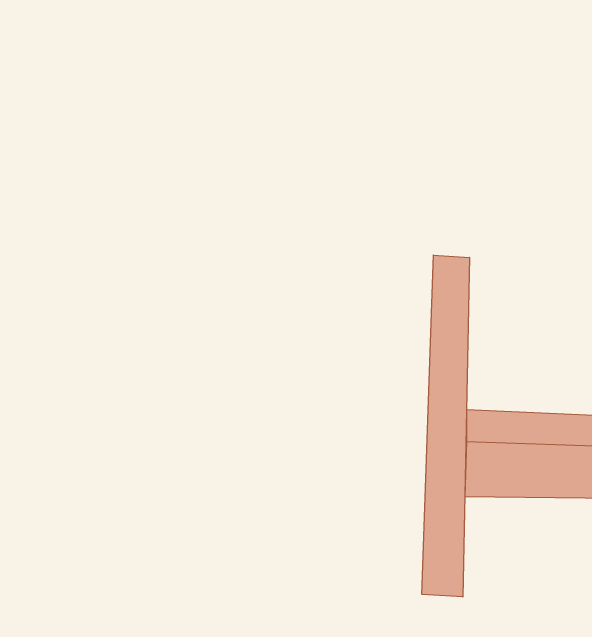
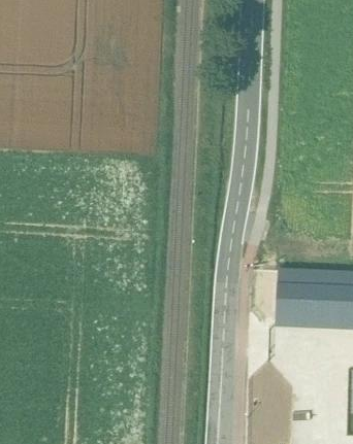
building: [422,255,470,597] -> none

